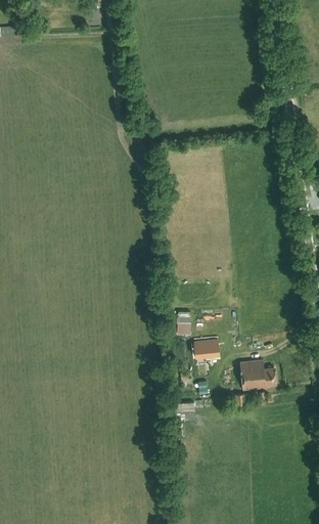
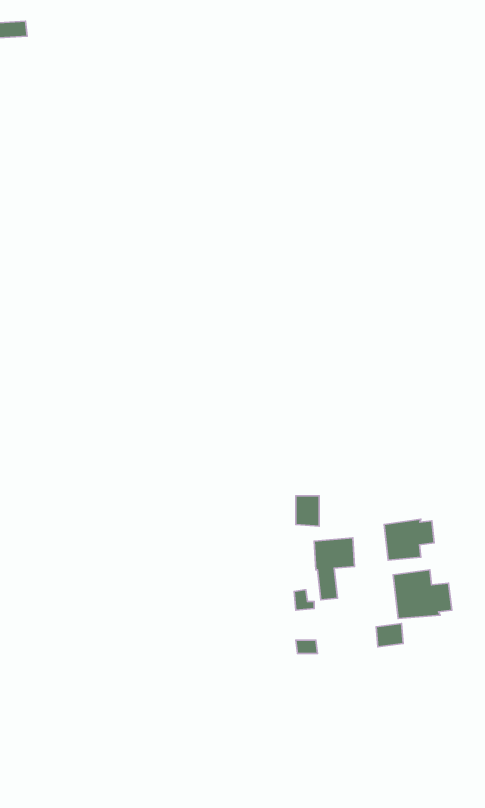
building: none -> [384,519,434,560]

